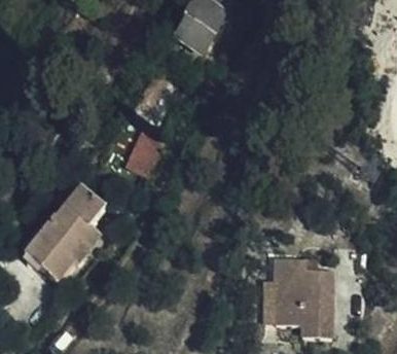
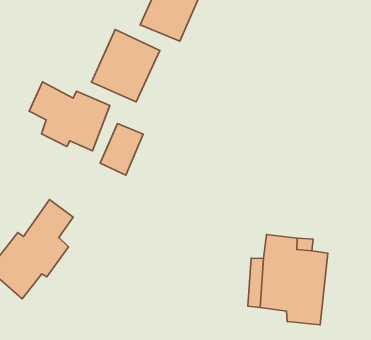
building: none -> [92,29,160,102]
building: none -> [29,82,110,151]

